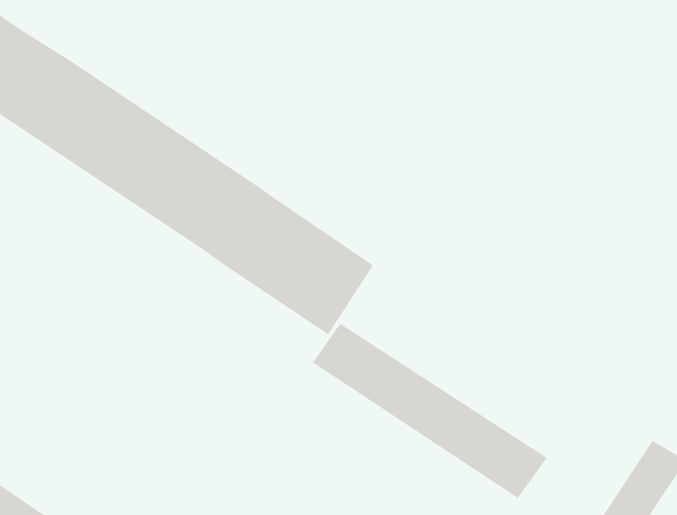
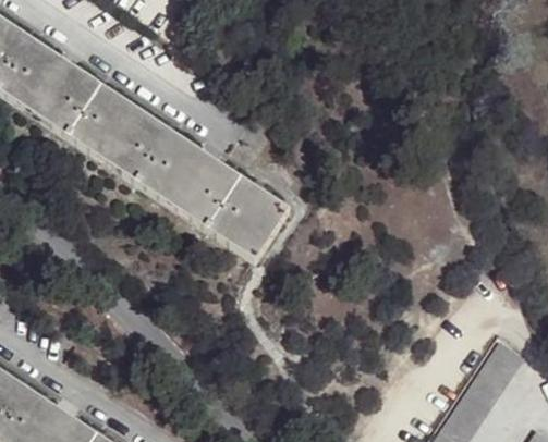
building: [312,323,548,499] -> none

